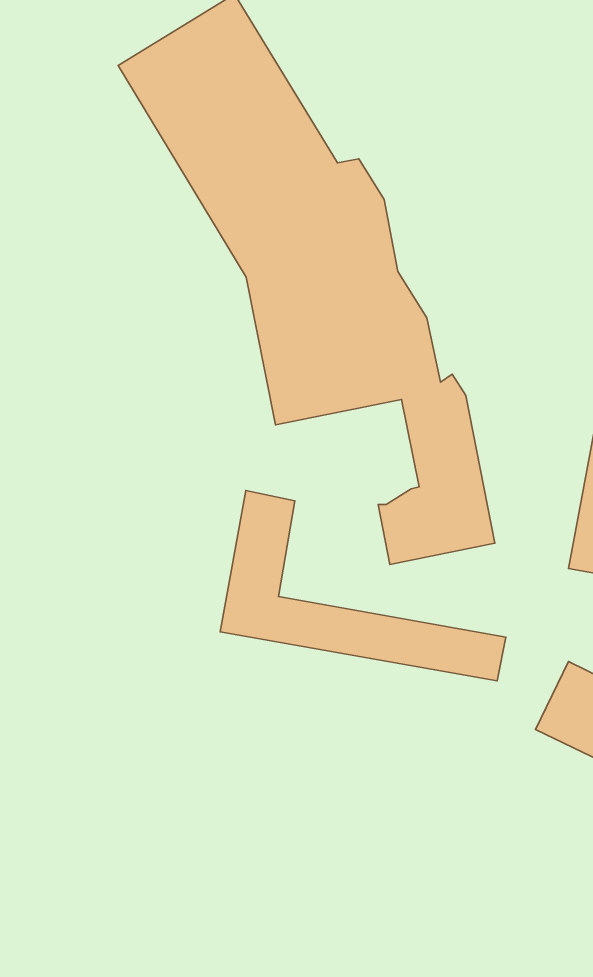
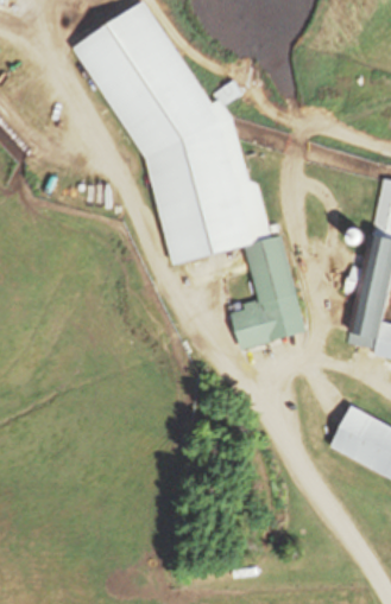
building: [220,490,506,681] -> none

